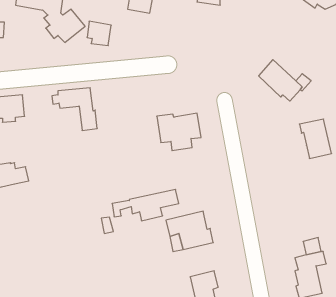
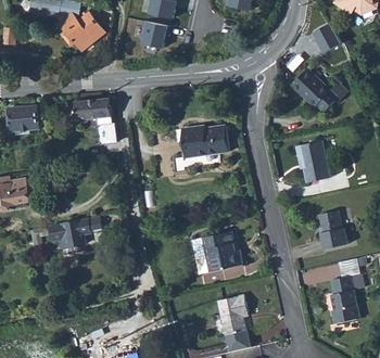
building: none -> [313,23,341,52]
building: [87,21,111,46] -> [141,21,167,47]
building: [299,119,332,158] -> [295,140,330,182]
building: [112,189,179,221] -> [30,215,102,248]
building: none -> [318,209,346,248]

